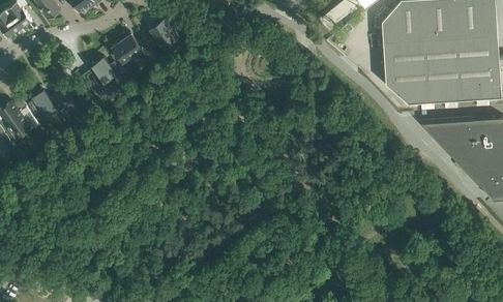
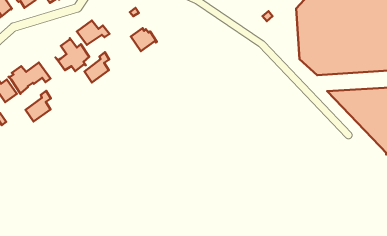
building: [149,21,181,49] -> [131,28,157,51]
building: none -> [84,52,109,83]
building: none -> [26,91,51,122]

